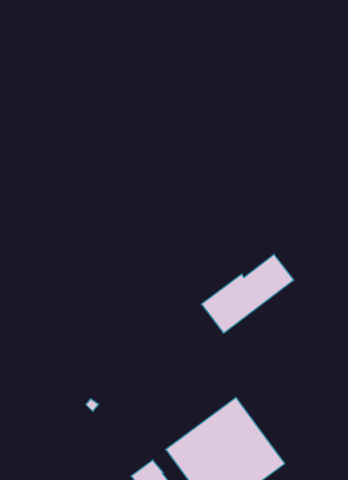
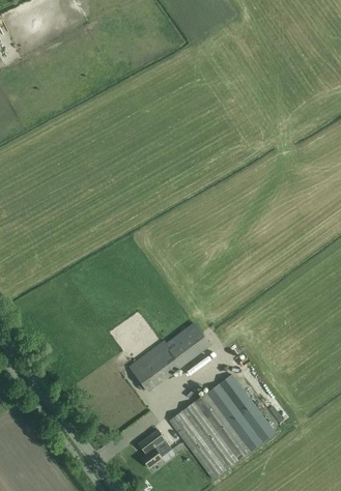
building: [201,254,294,333] -> [129,321,211,392]

